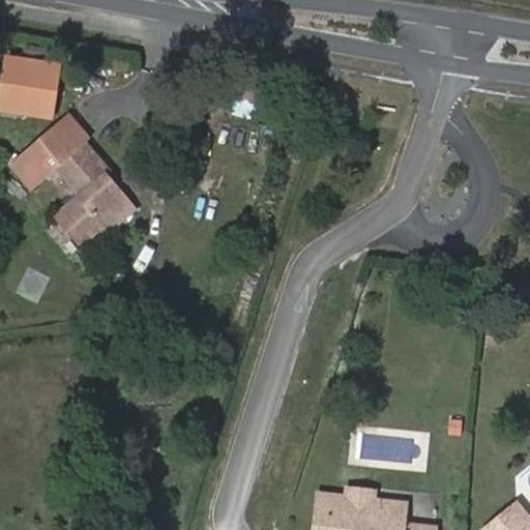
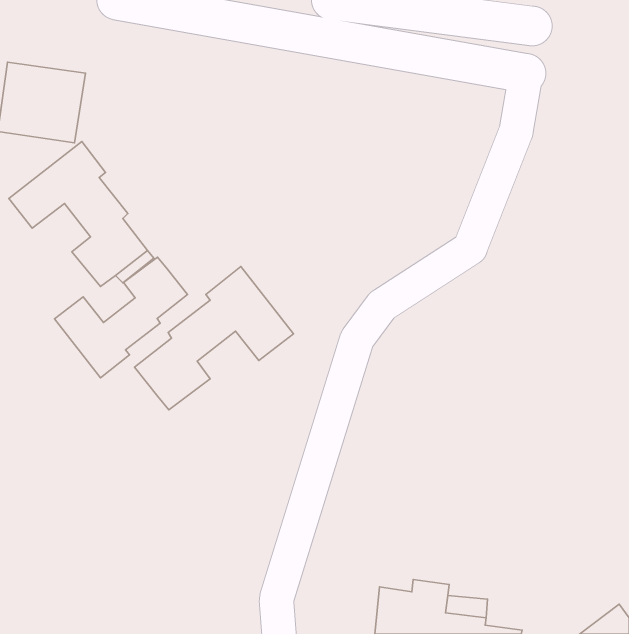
building: none -> [55,257,187,378]
building: none -> [135,266,293,410]

